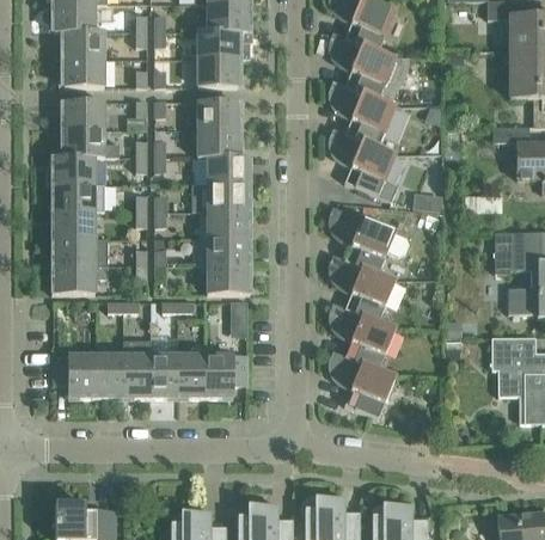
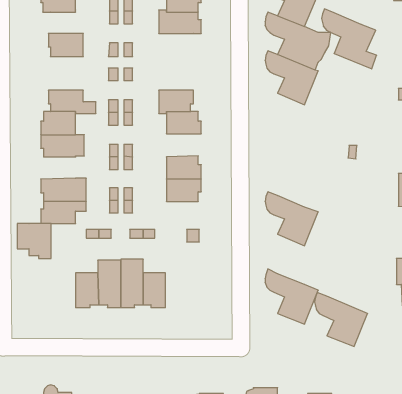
building: [61,30,104,59] -> none
building: [197,59,240,87] -> none
building: [197,100,240,129] -> none
building: [61,102,104,129] -> none
building: [329,128,397,202] -> [322,9,377,69]
building: [194,183,250,211] -> none
building: [329,207,409,274] -> none
building: [51,211,94,239] -> none
building: [207,266,250,294] -> none
building: [329,302,394,369] -> [314,292,368,346]
building: [206,354,247,398] -> none
building: [53,355,94,398] -> [17,224,51,258]

